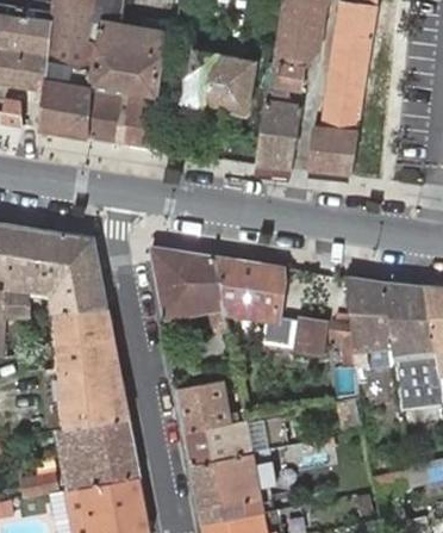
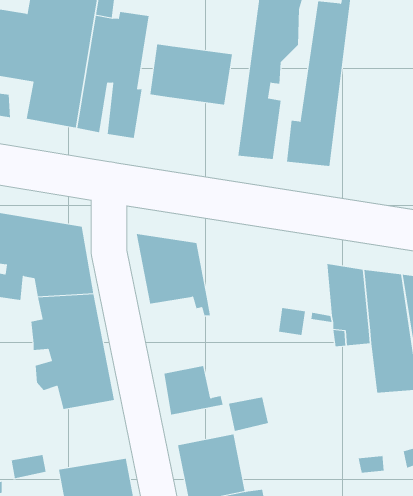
building: [212,255,283,333] -> none
building: [65,417,139,489] -> none
building: [185,421,250,464] -> none

